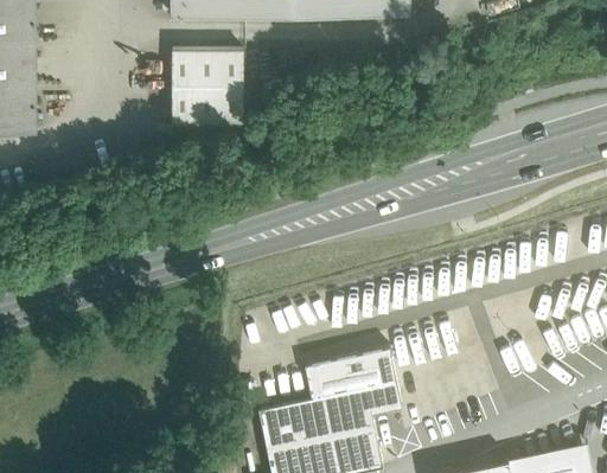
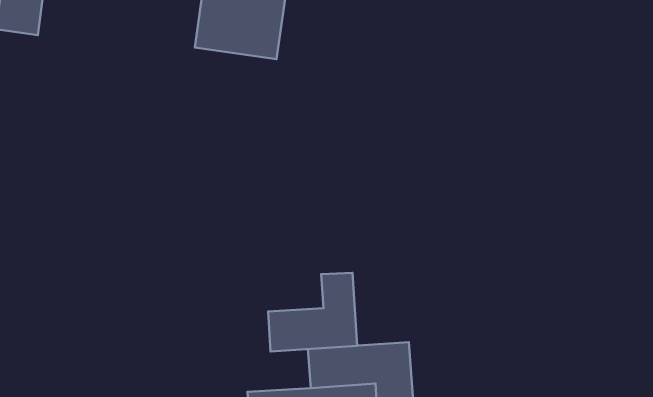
building: none -> [268,273,357,351]

